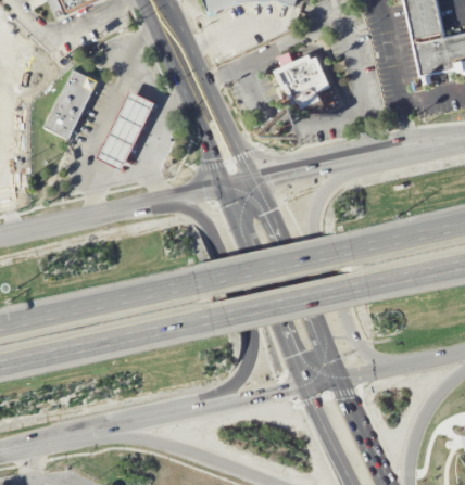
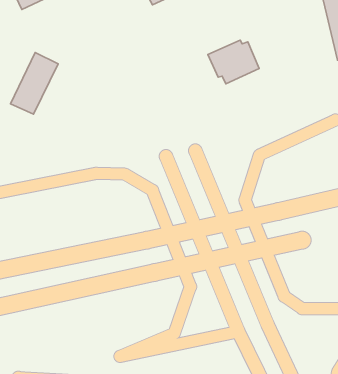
building: [98,90,156,171] -> none

